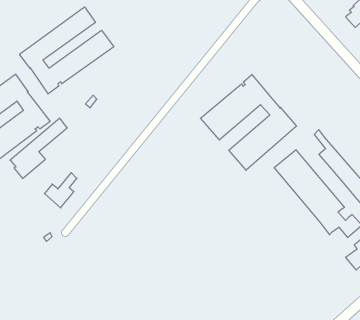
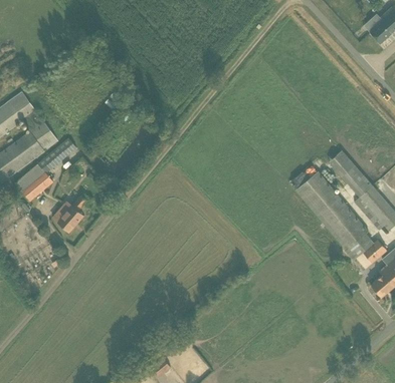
building: [20,7,114,94] -> none
building: [200,74,297,170] -> none

